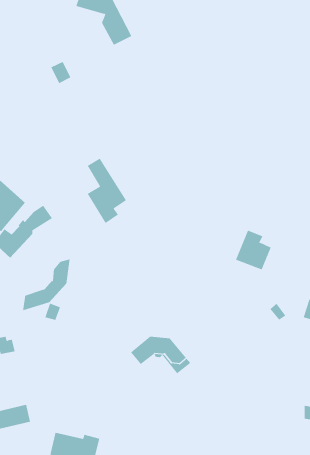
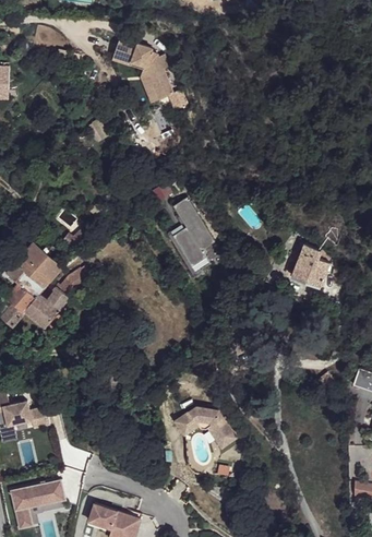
building: [87,158,127,224] -> [172,198,215,267]
building: [235,230,271,270] -> [291,244,329,287]
building: [23,258,70,311] -> none

